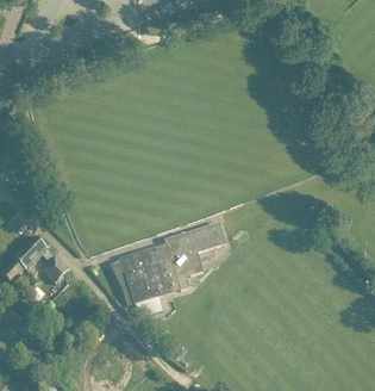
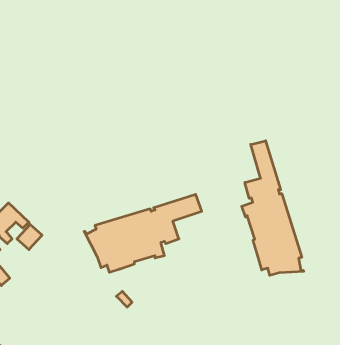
building: none -> [242,141,304,275]

